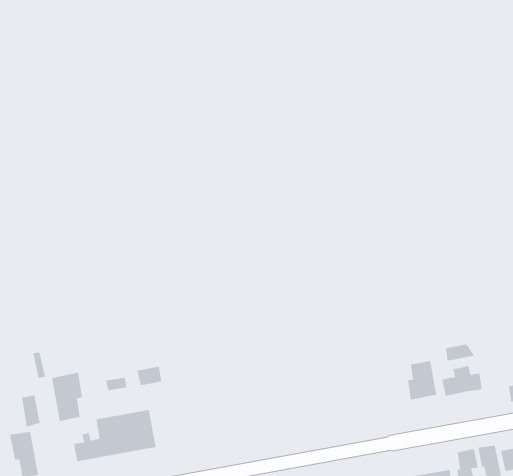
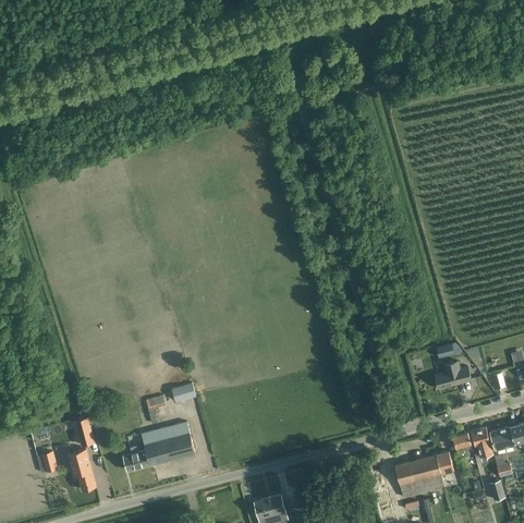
building: [408,360,437,401] -> none
building: [51,372,82,422] -> none

